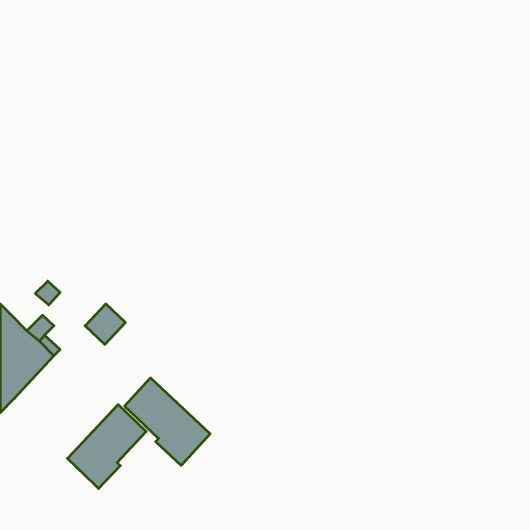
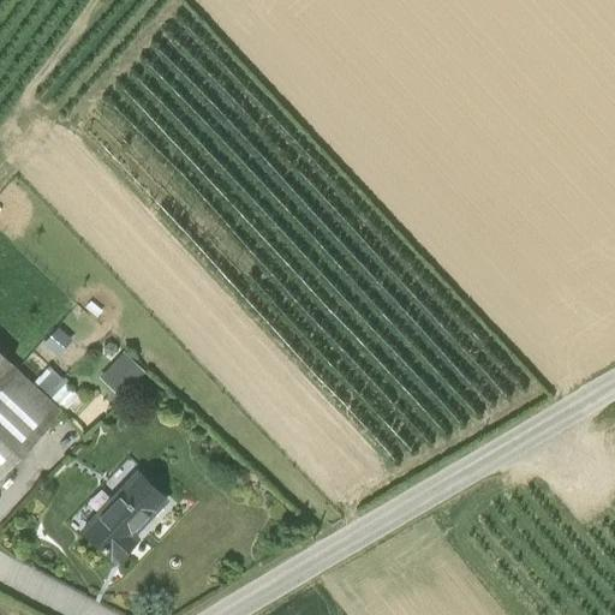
building: [125,378,210,465] -> none

